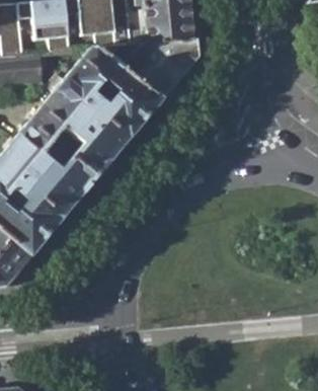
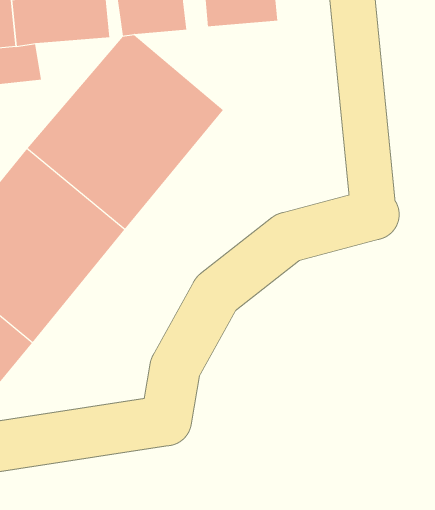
building: [97,40,194,99] -> none

